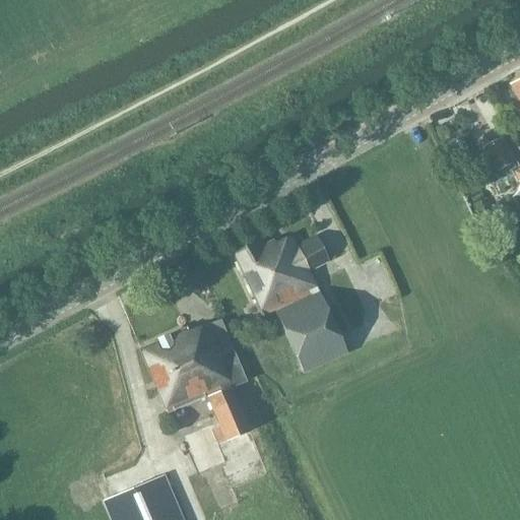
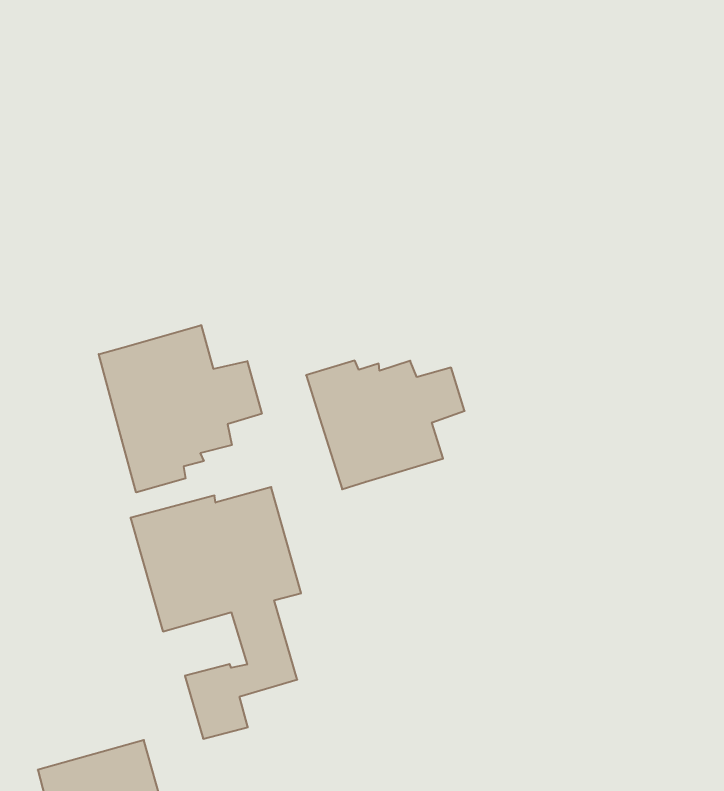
building: none -> [99,325,262,492]
building: [277,291,349,374] -> none

